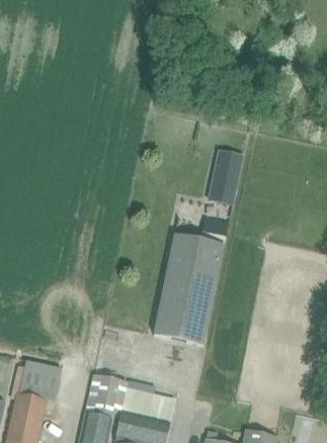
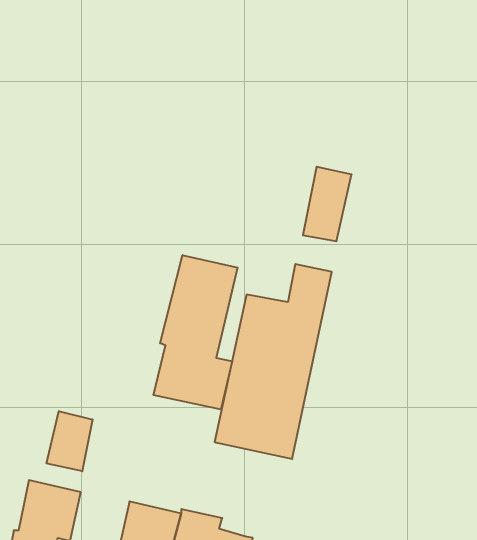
building: none -> [154,255,238,409]
building: none -> [47,411,93,471]

